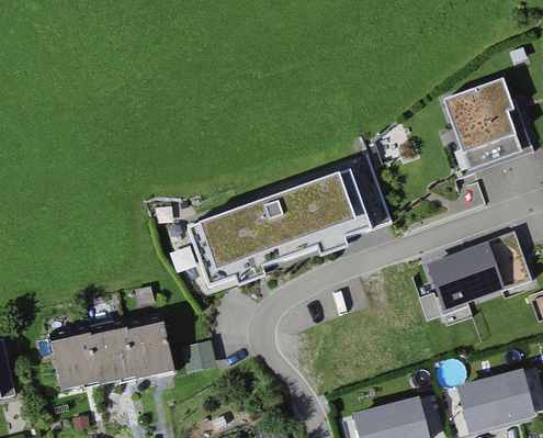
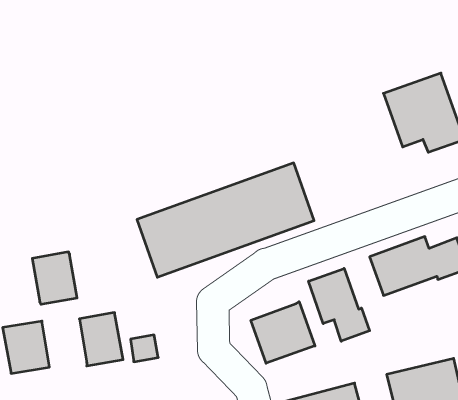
building: none -> [309,268,370,341]
building: none -> [251,302,315,363]
building: [92,326,138,380] -> [32,252,77,304]

